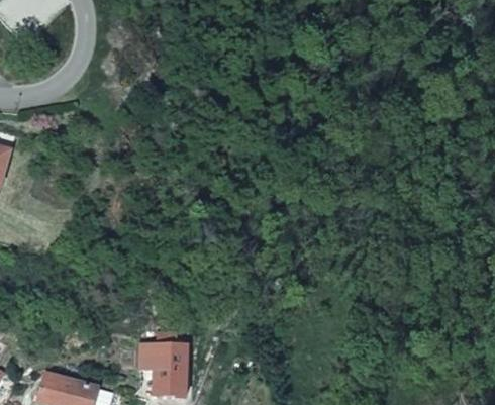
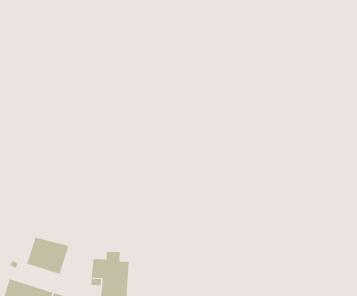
building: none -> [26,237,69,275]

